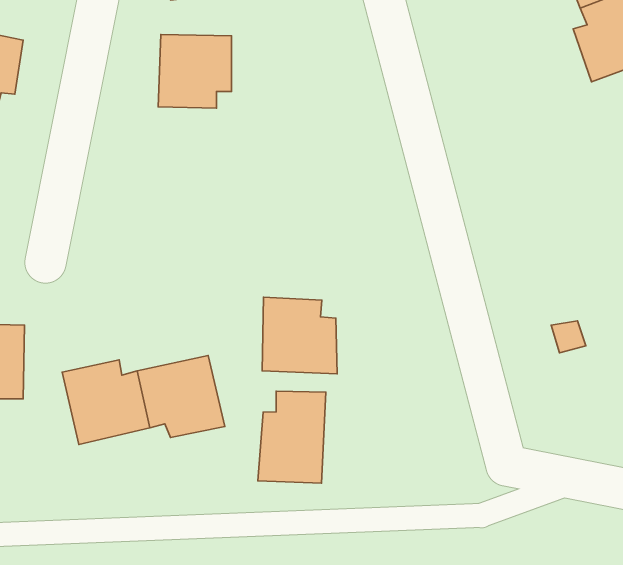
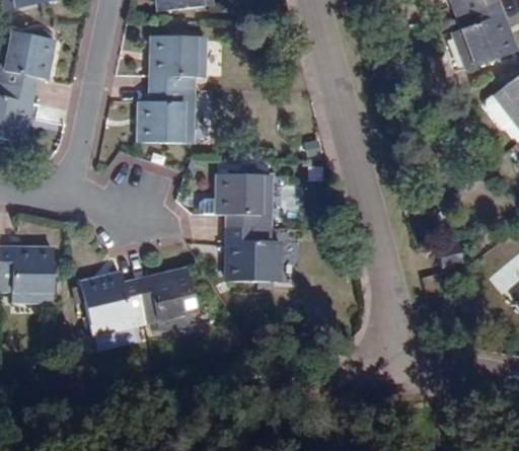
building: none -> [137,87,193,143]
building: none -> [216,173,270,228]
building: [258,391,326,483] -> none

